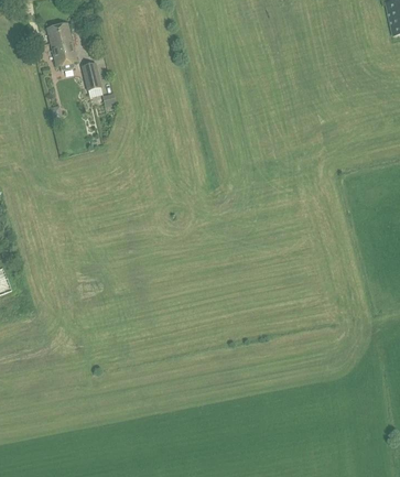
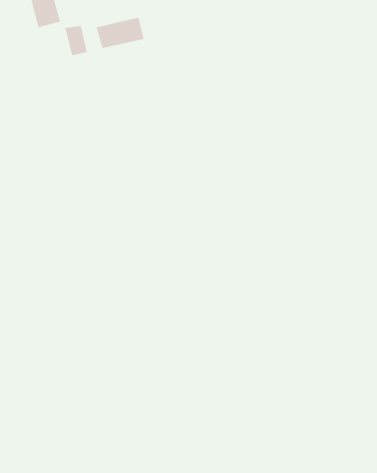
building: none -> [96,17,144,49]

